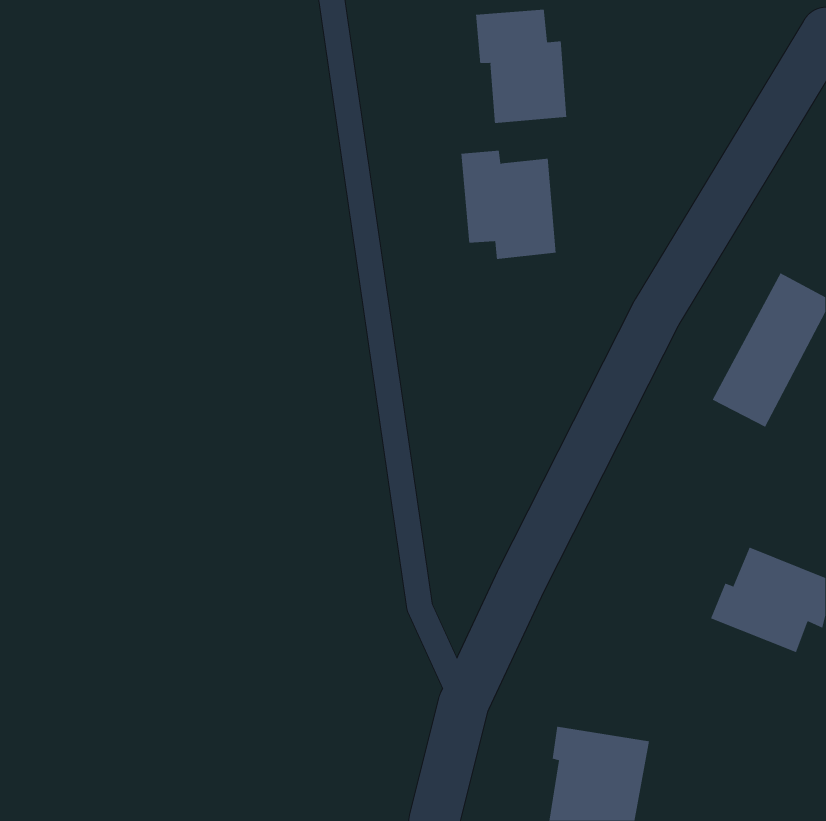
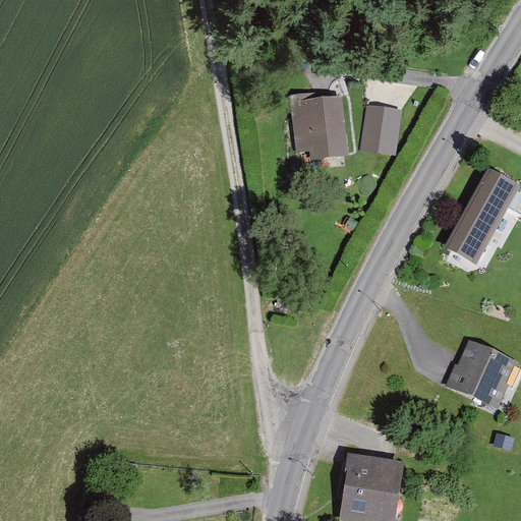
building: [476,9,567,124] -> none
building: none -> [362,99,408,151]

